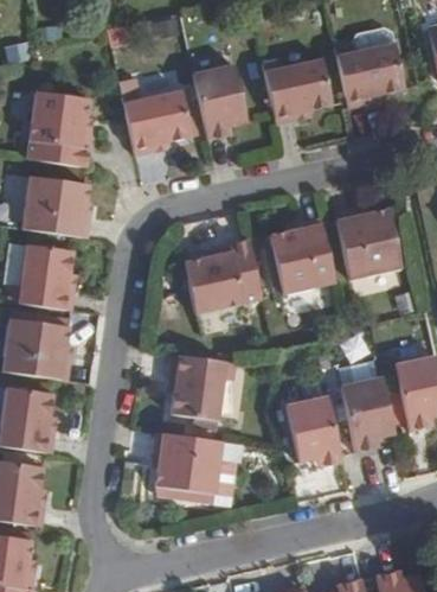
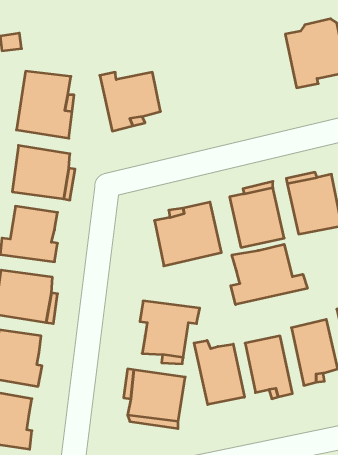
building: [263,58,333,125] -> none
building: [193,64,249,140] -> none
building: none -> [231,244,307,305]
building: none -> [194,340,244,405]

